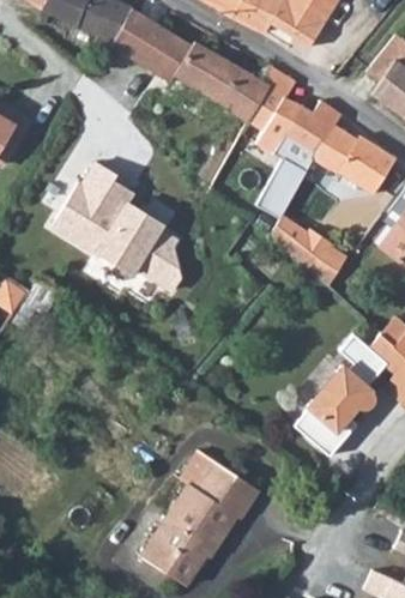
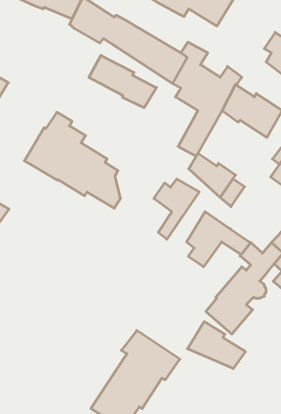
building: none -> [89,55,157,108]
building: none -> [154,179,199,239]
building: none -> [187,212,250,267]
building: none -> [187,322,245,369]

